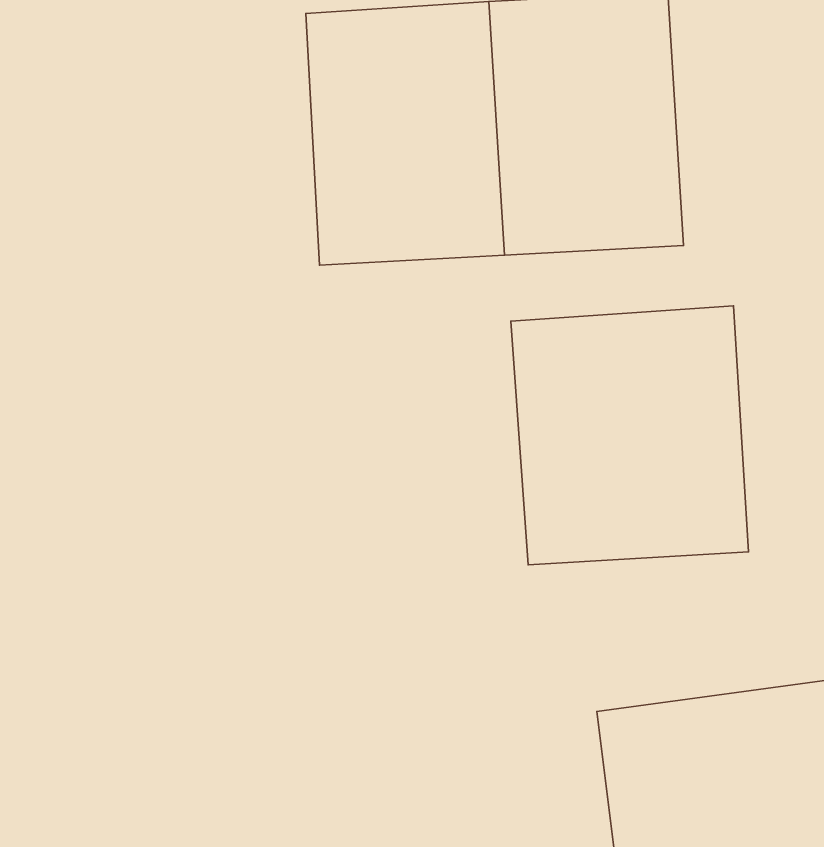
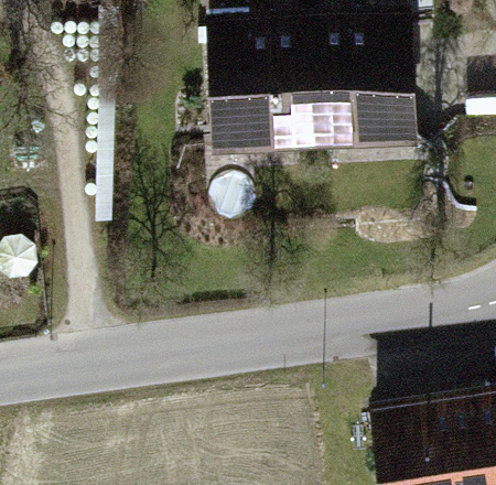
building: [511,306,749,565] -> none

